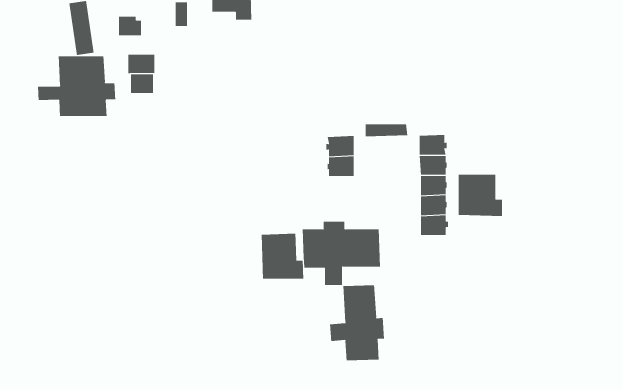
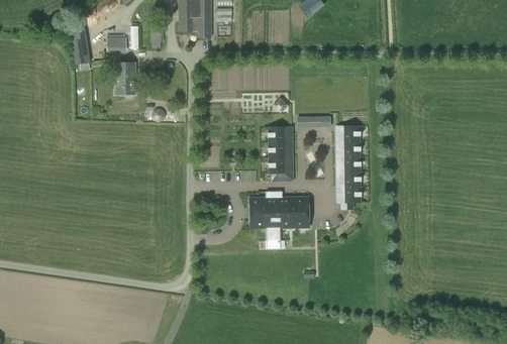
building: [38,56,116,117] -> none
building: [458,174,503,217] -> none
building: none -> [269,157,293,181]
building: [261,233,304,280] -> none
building: [330,284,385,361] -> none

